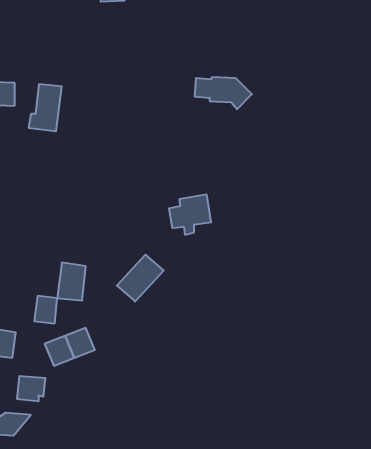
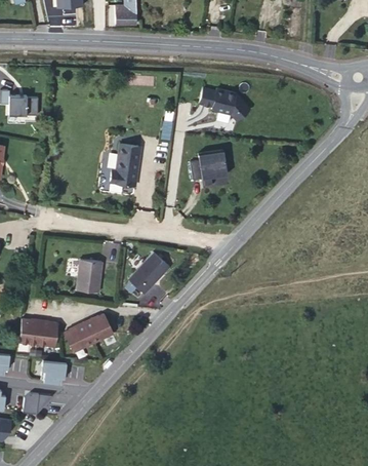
building: [29,84,62,131] -> [110,144,139,186]
building: [169,195,211,235] -> [189,150,227,186]
building: [34,296,57,323] -> [36,321,56,346]

